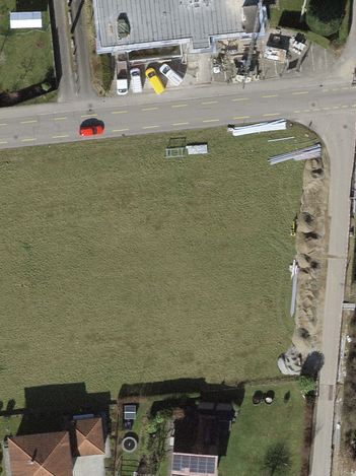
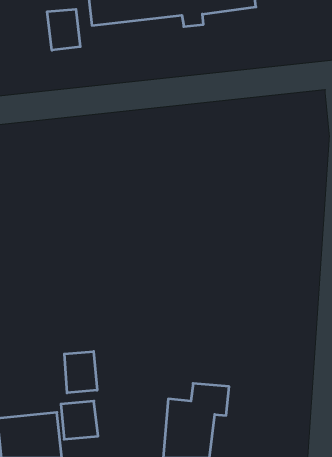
building: none -> [47,9,80,50]
building: none -> [64,351,97,393]

